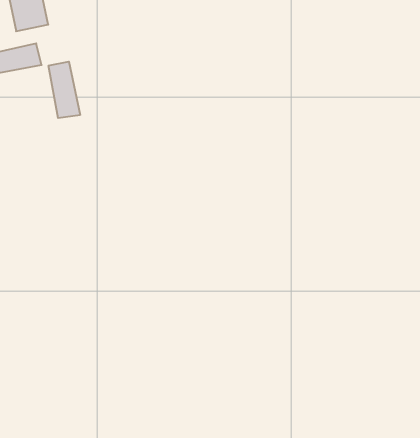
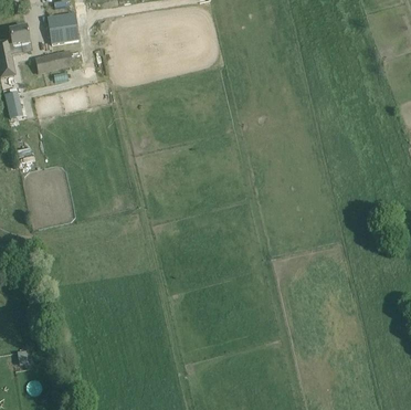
building: [49,62,80,118] -> none

